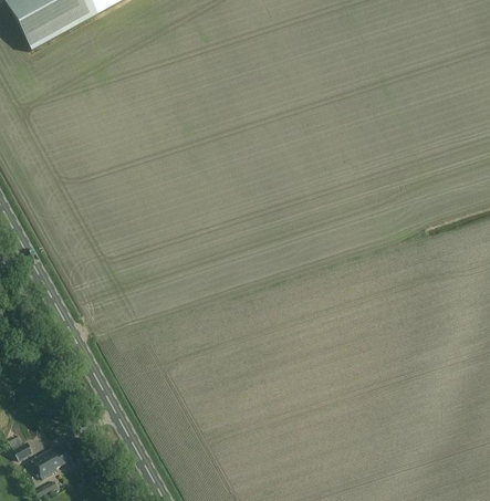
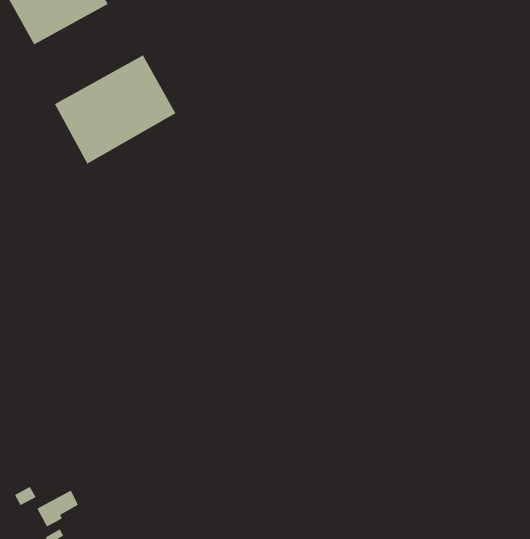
building: none -> [54,55,176,164]

